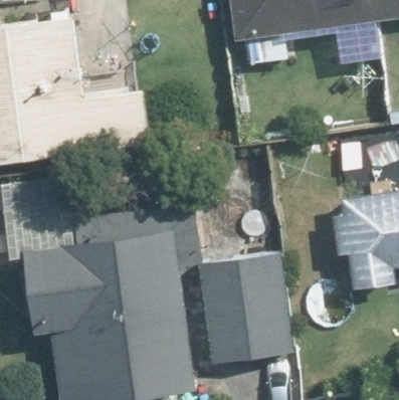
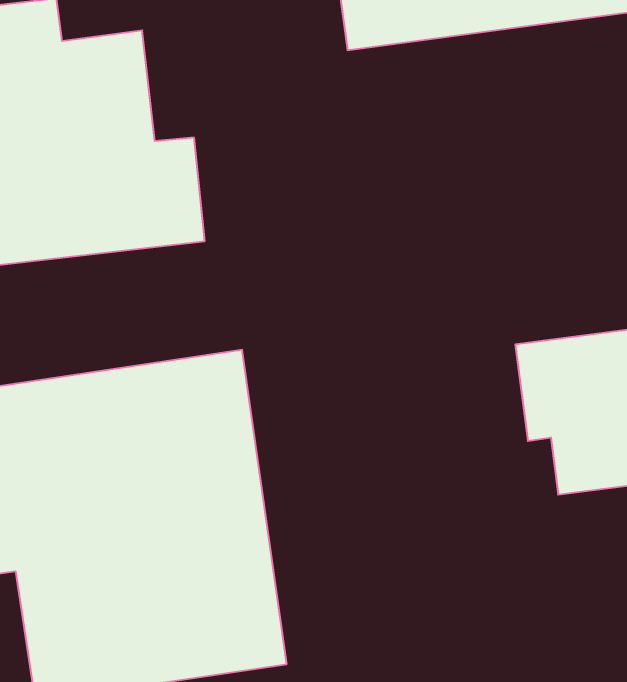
building: [200,253,294,367] -> none

